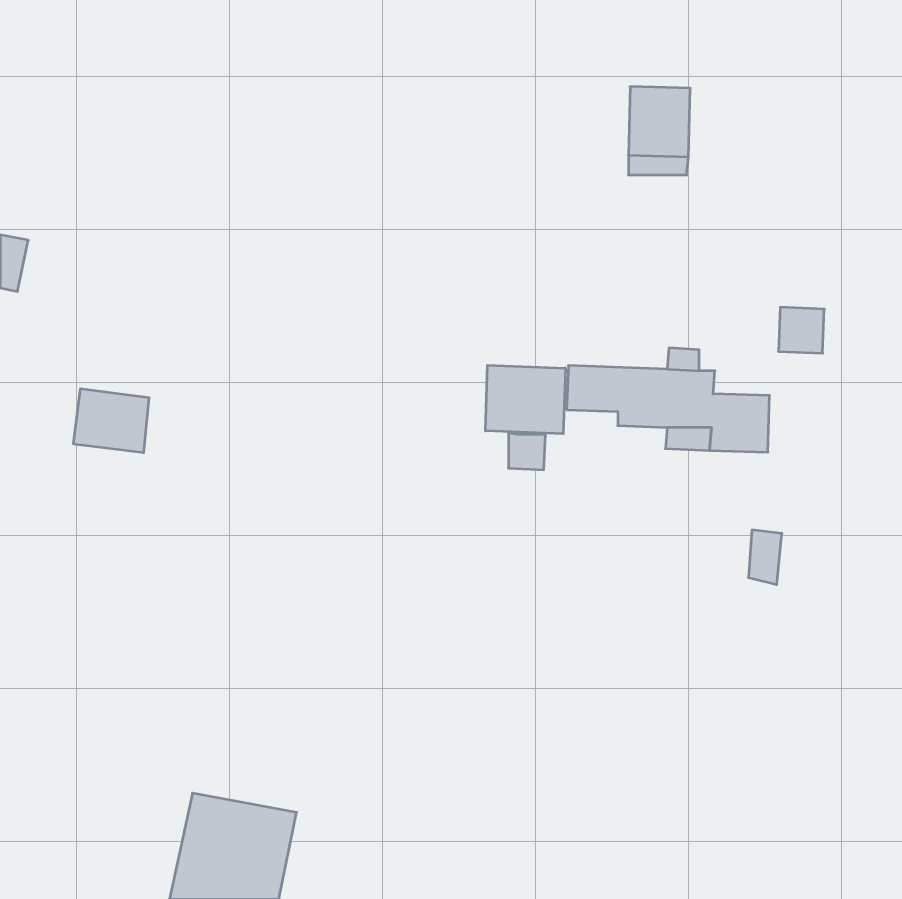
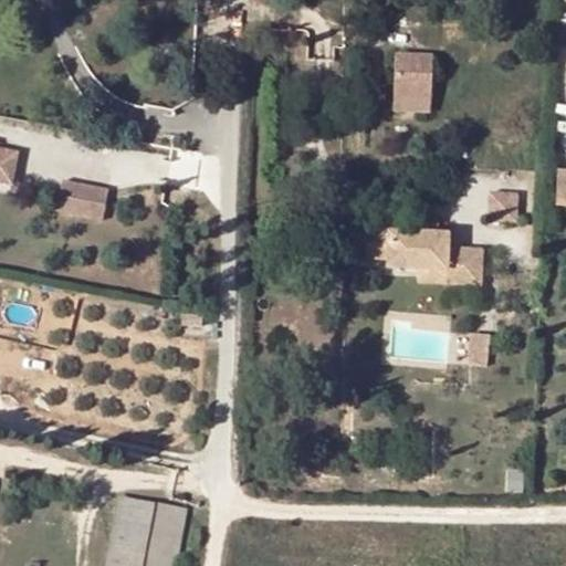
building: [485,365,565,434] -> none
building: [73,389,149,453] -> [65,178,113,218]

